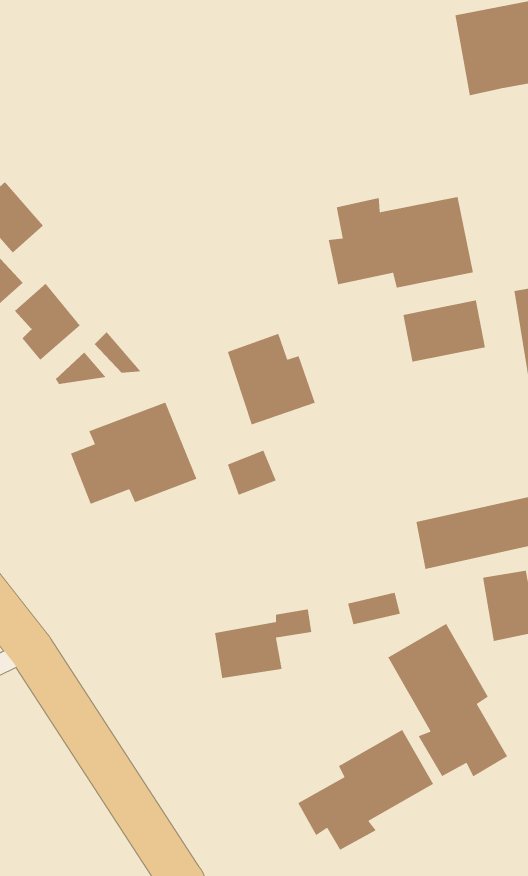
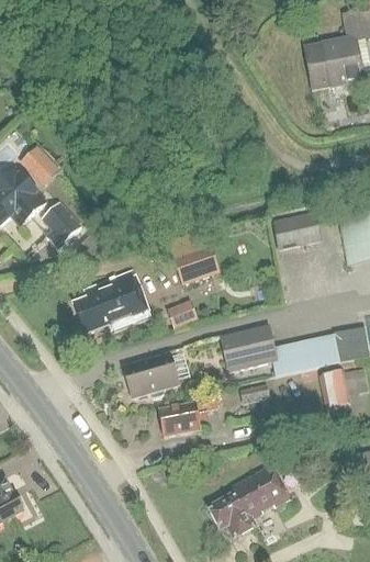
building: [328,196,474,288] -> none
building: none -> [220,325,277,372]
building: none -> [125,355,179,396]
building: [387,623,508,777] -> none

